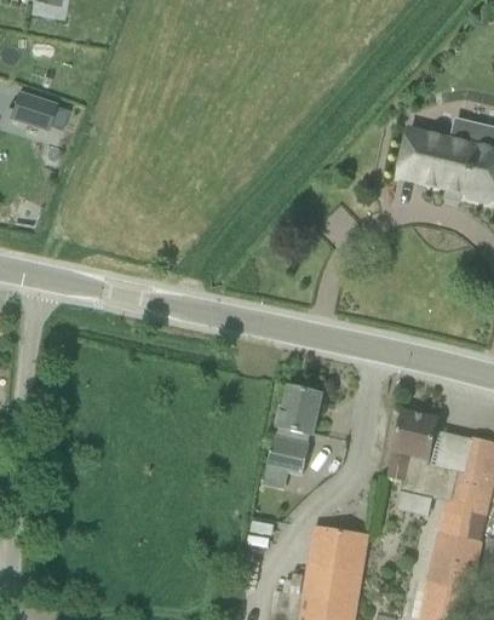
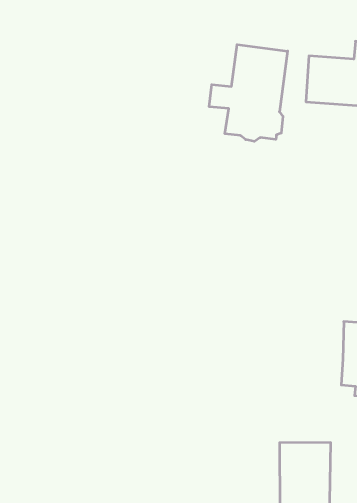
building: none -> [209,45,288,141]
building: [268,384,321,472] -> none

